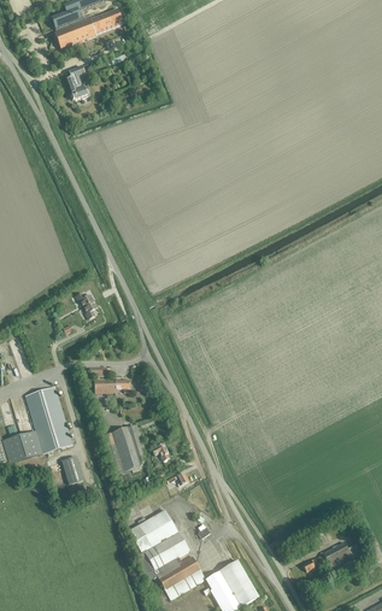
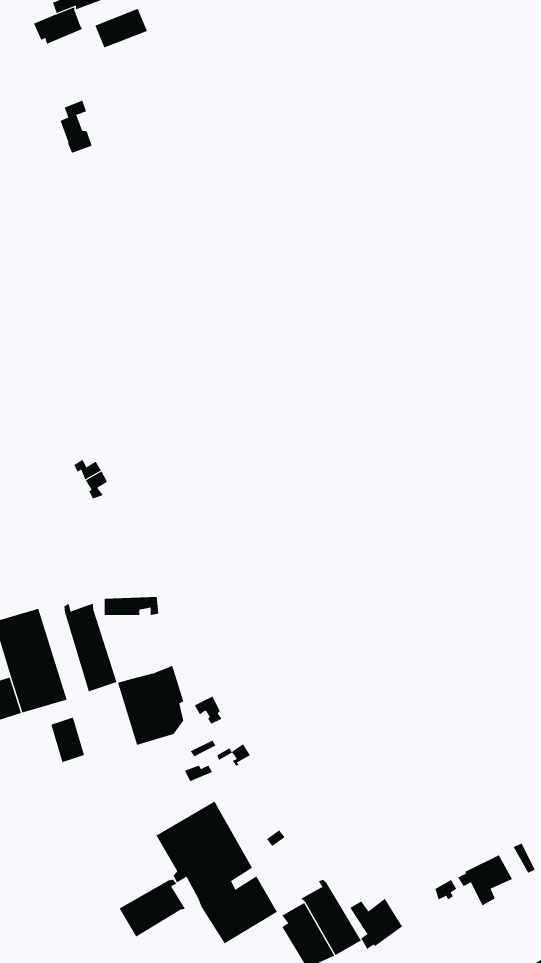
building: [54,18,95,47] -> none
building: none -> [64,603,117,692]
building: none -> [119,879,186,938]
building: none -> [349,898,403,950]

